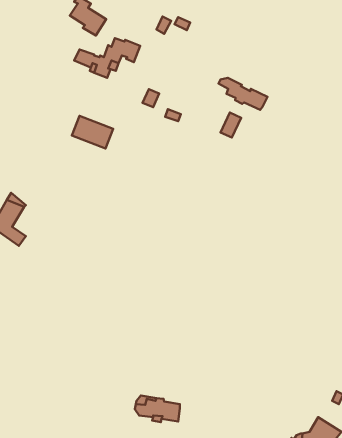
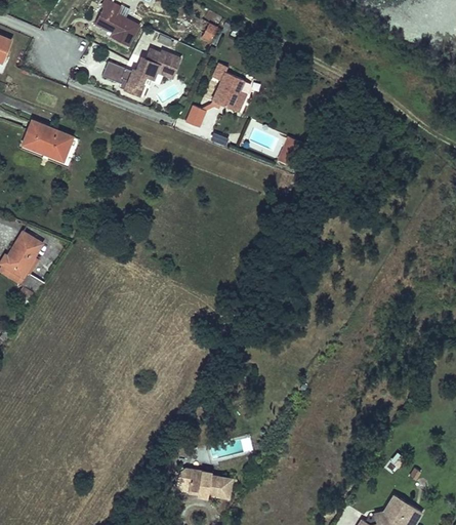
building: none -> [211,62,246,109]
building: [219,78,268,110] -> none
building: [72,116,113,149] -> [24,120,73,159]

